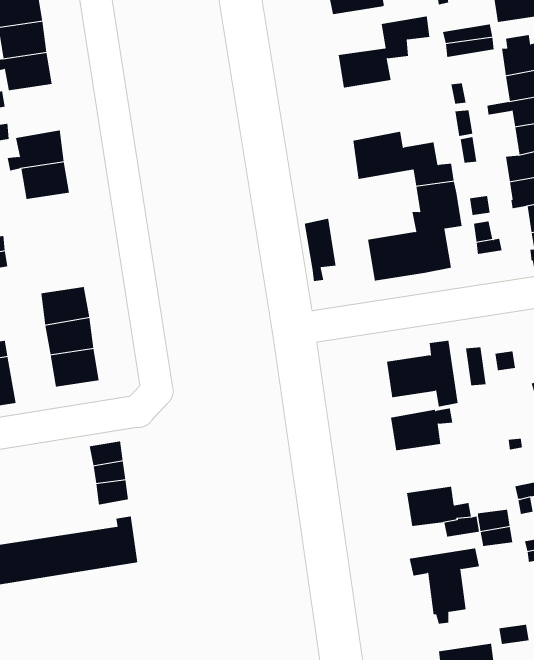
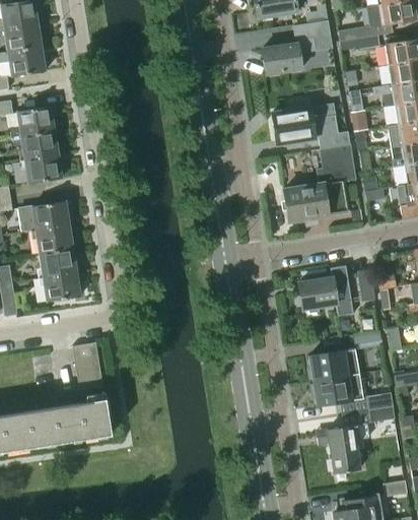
building: none -> [24,153,62,183]
building: [304,218,336,282] -> none
building: none -> [18,200,69,232]
building: [390,408,453,451] -> [308,348,356,381]

